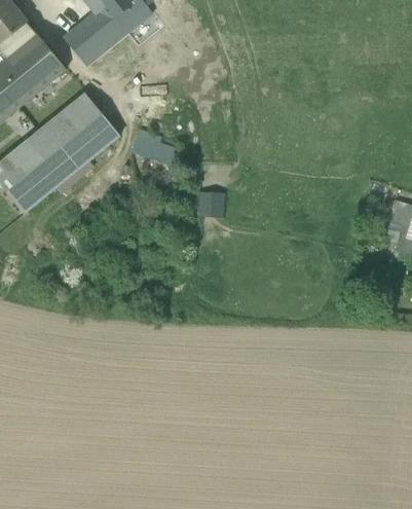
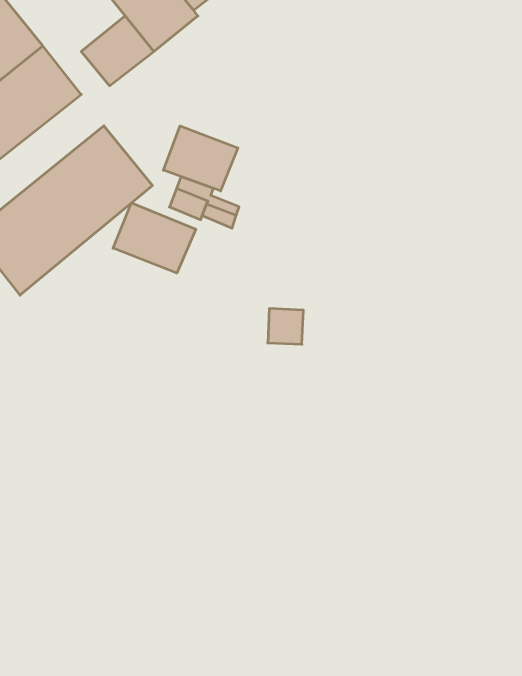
building: none -> [163,126,238,191]
building: none -> [113,203,196,273]
building: [199,190,225,216] -> [268,309,303,344]

